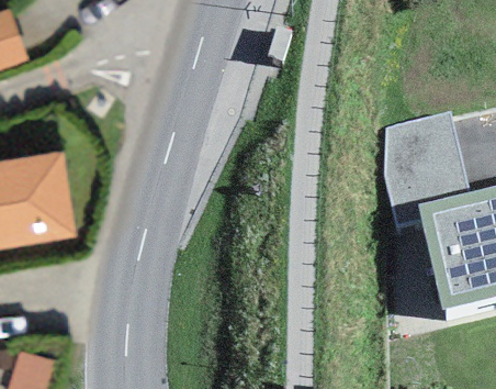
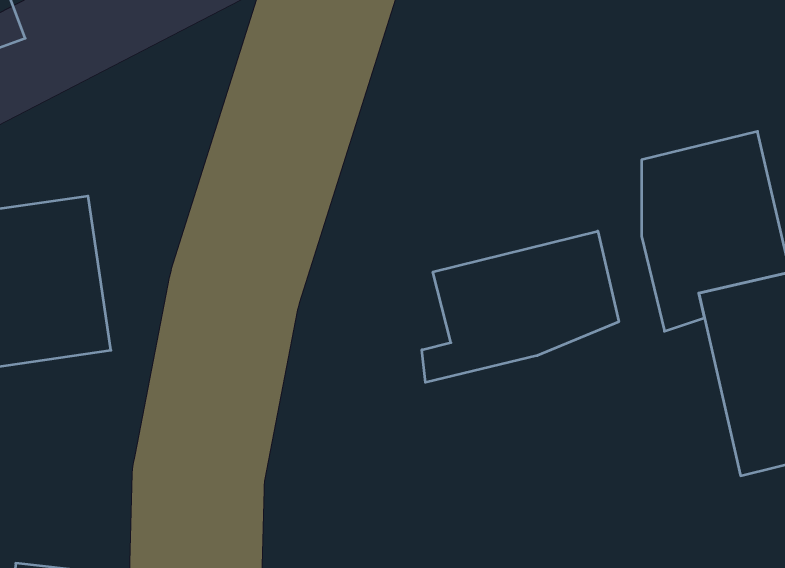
building: none -> [422,231,619,382]

